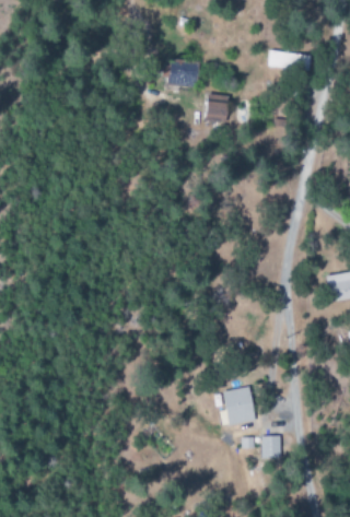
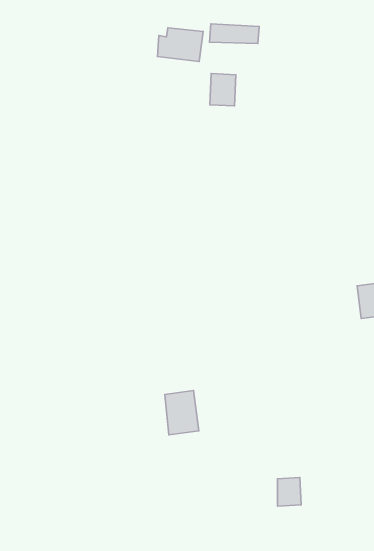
building: [269,51,311,68] -> [210,24,259,44]
building: [224,388,253,425] -> [165,391,199,435]

